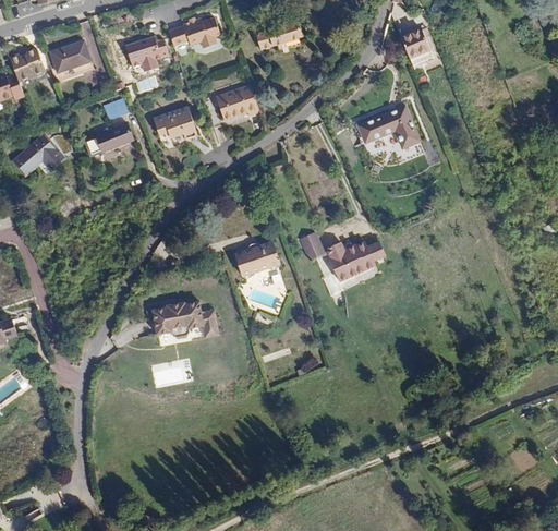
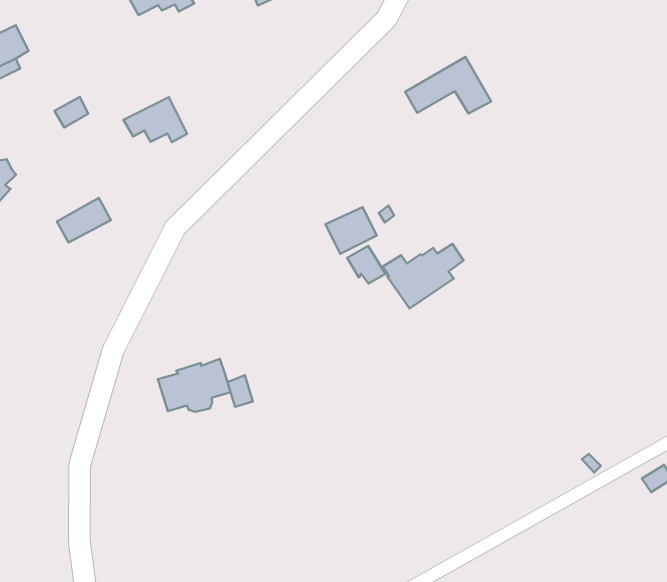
building: [124,36,168,72] -> none
building: [204,86,258,128] -> none
building: [94,122,133,152] -> [57,198,111,242]
building: [242,238,278,269] -> [326,207,377,254]

